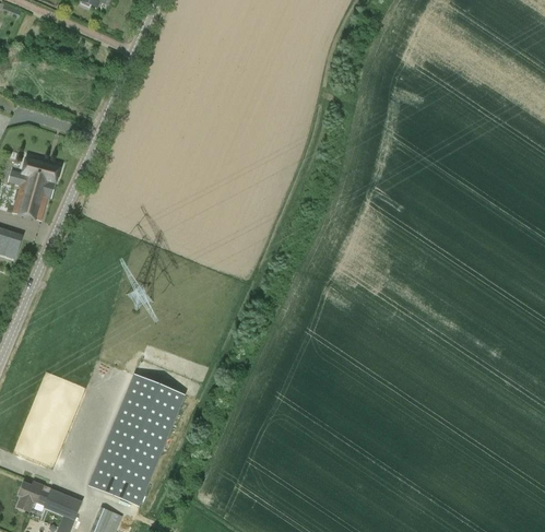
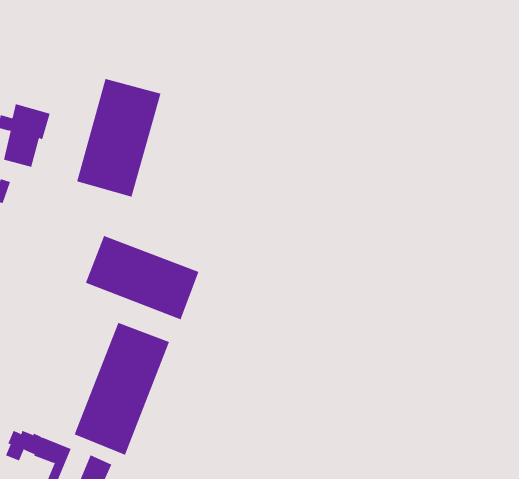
building: none -> [76,78,161,198]
building: none -> [85,235,199,320]

